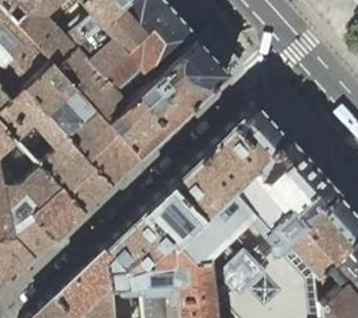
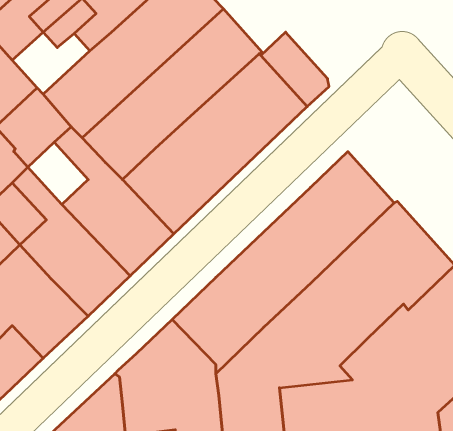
building: [34,30,85,71] -> none
building: [44,102,84,143] -> none

